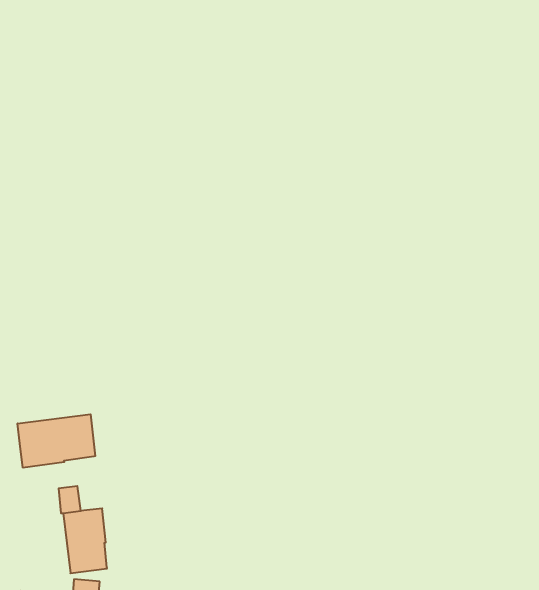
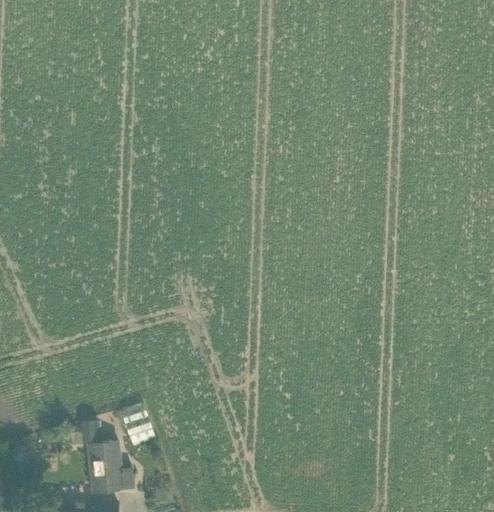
building: [18,414,95,468] -> none

